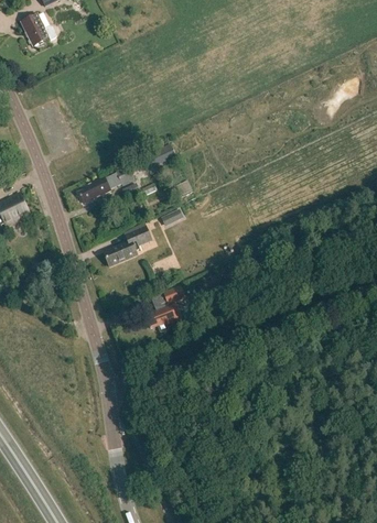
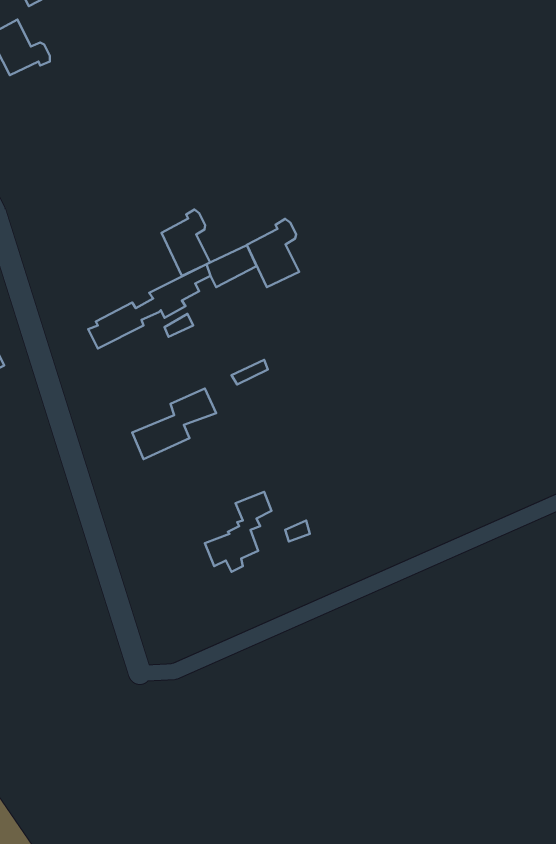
building: none -> [162,209,210,276]
building: none -> [247,219,299,287]

